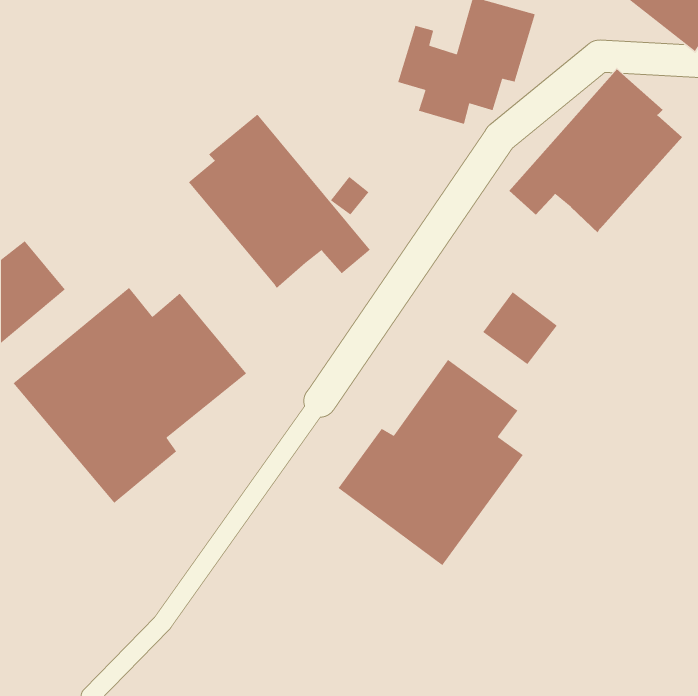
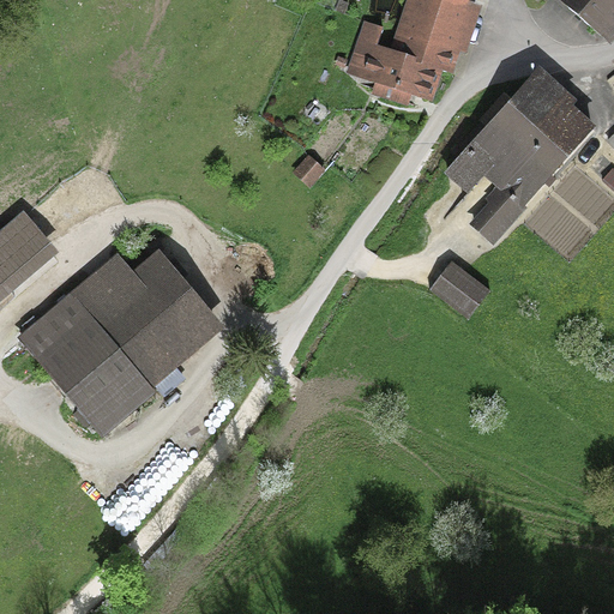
building: [188,114,371,289] -> none
building: none -> [472,181,531,241]
building: [337,359,524,566] -> none

